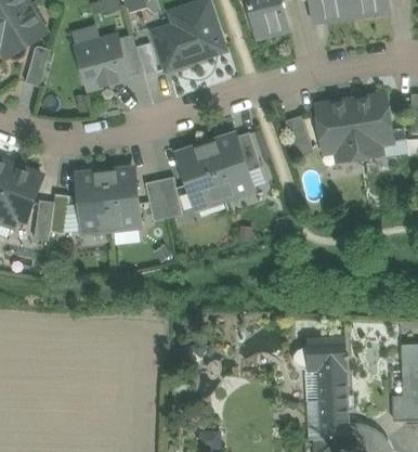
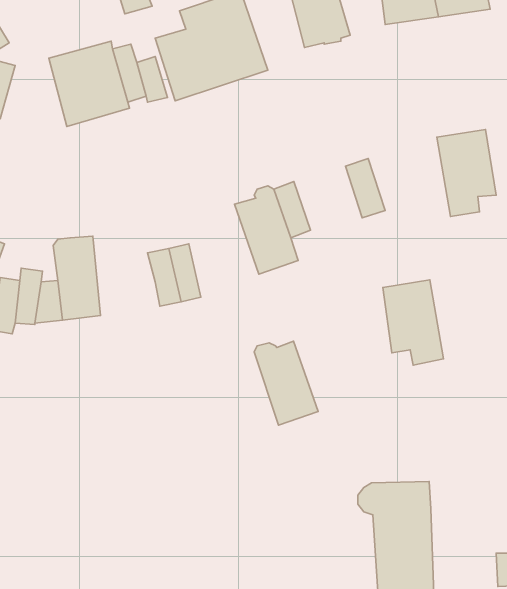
building: [316,101,360,162] -> [383,280,444,365]
building: [178,148,223,208] -> [254,341,318,425]
building: [105,168,139,228] -> none

